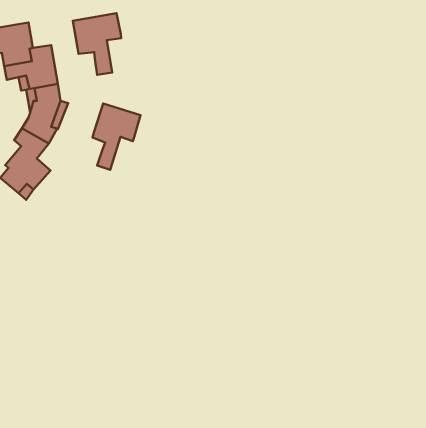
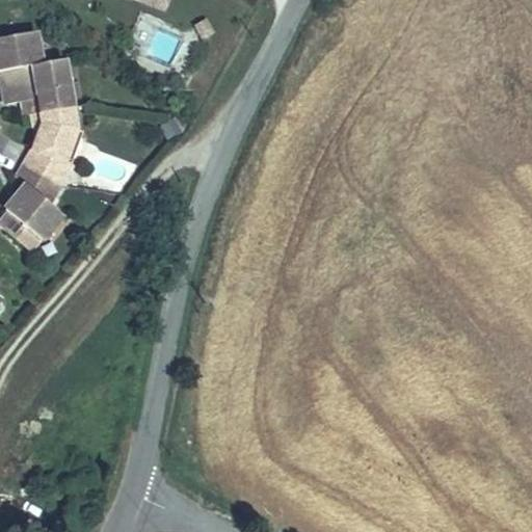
building: [73,13,121,75] -> none
building: [92,104,140,170] -> none

